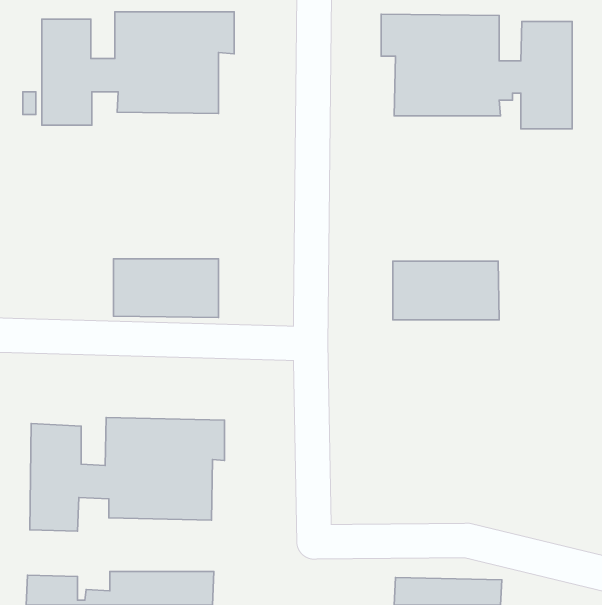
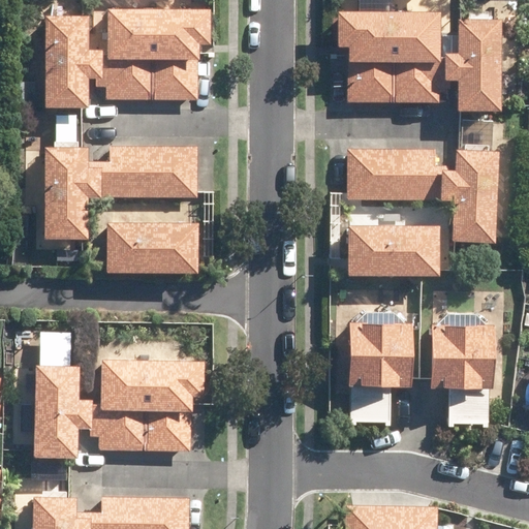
building: none -> [43,143,200,240]
building: none -> [350,147,497,244]
building: none -> [352,312,414,423]
building: none -> [432,313,493,424]

